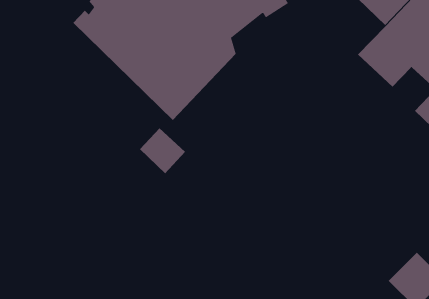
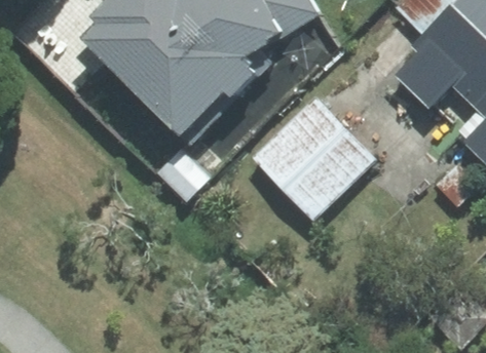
building: none -> [254,96,375,218]

